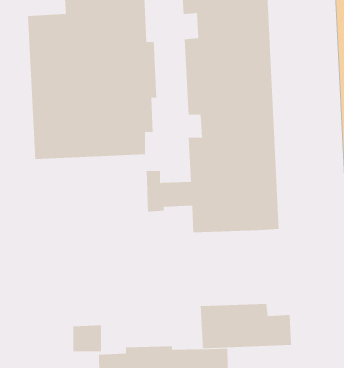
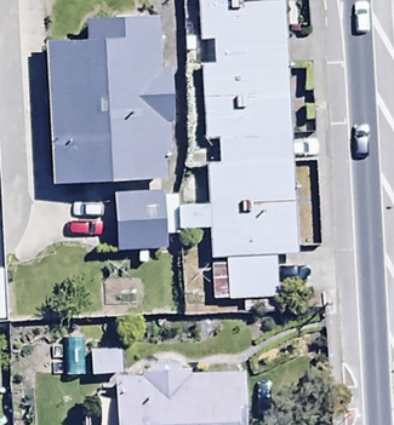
building: none -> [114,190,166,260]
building: [200,303,292,349] -> [210,253,301,298]

